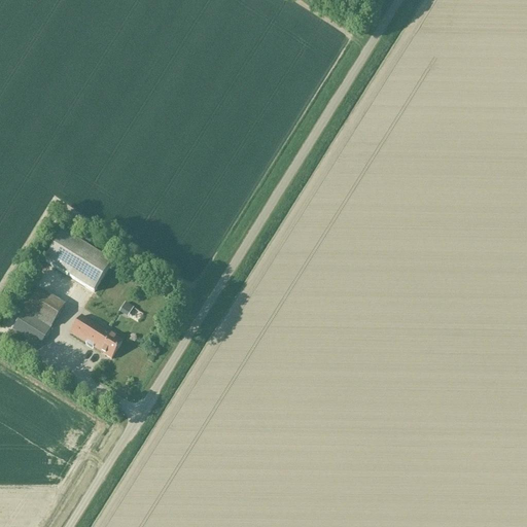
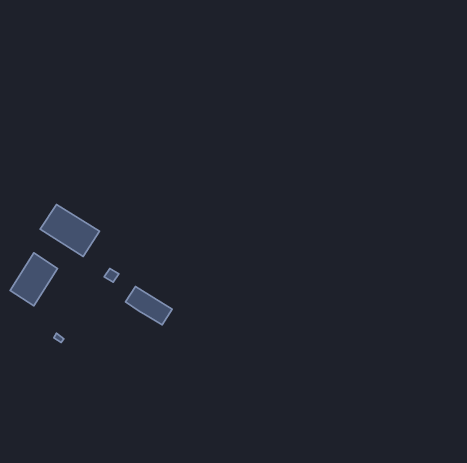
building: [70,313,122,356] -> [125,286,172,325]

